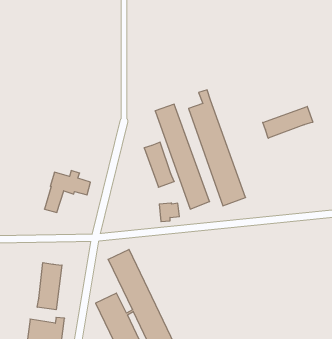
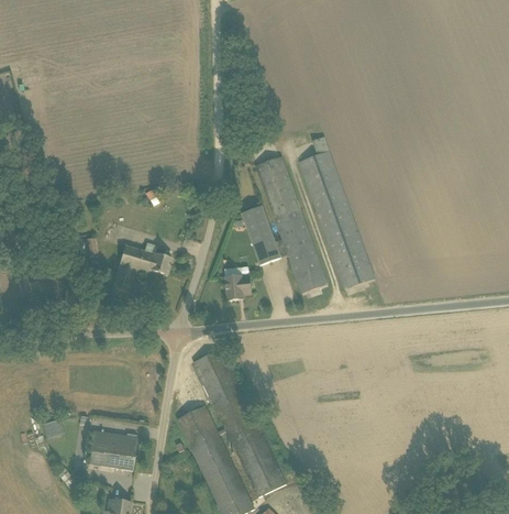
building: [263,106,313,138] -> none
building: [159,203,179,222] -> [223,276,250,300]
building: [37,263,62,310] -> none

